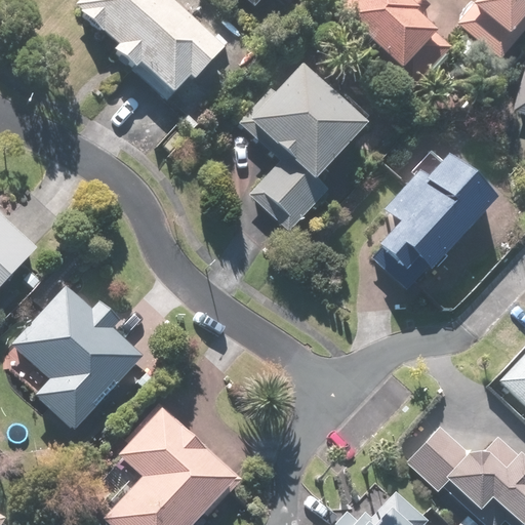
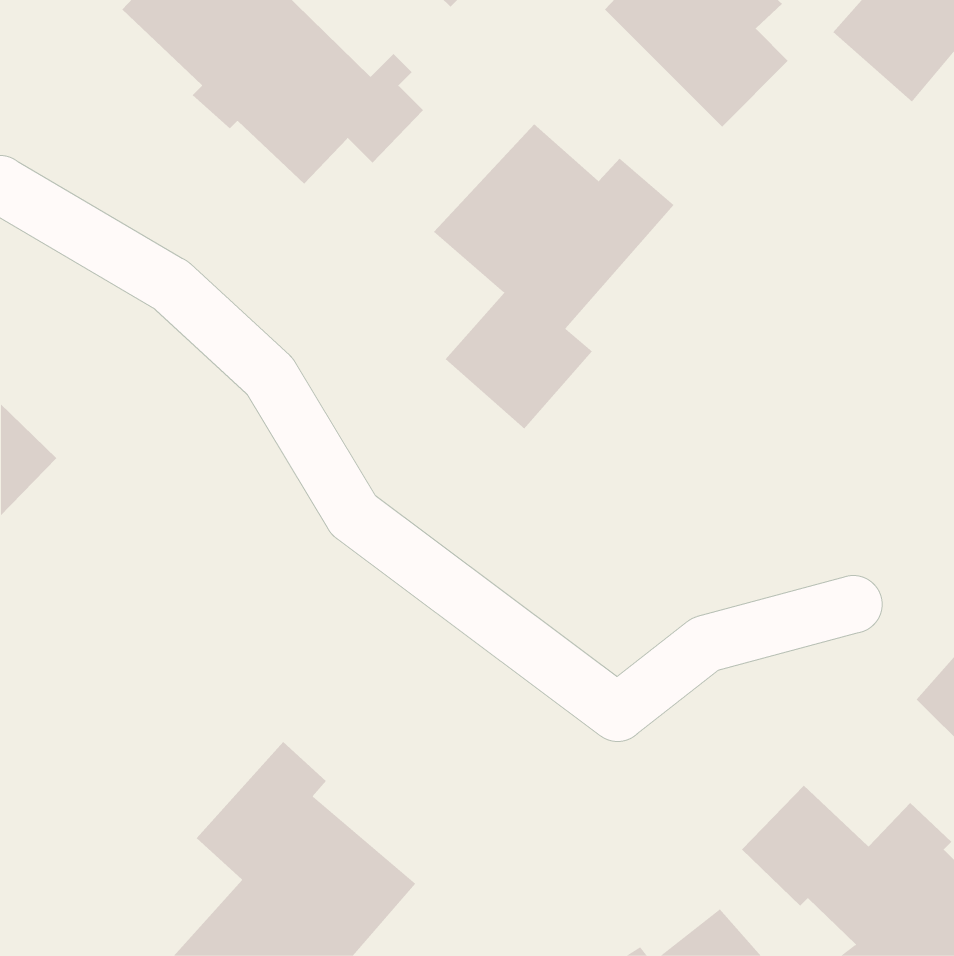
building: [371,145,498,287] -> none
building: [13,286,142,433] -> none

